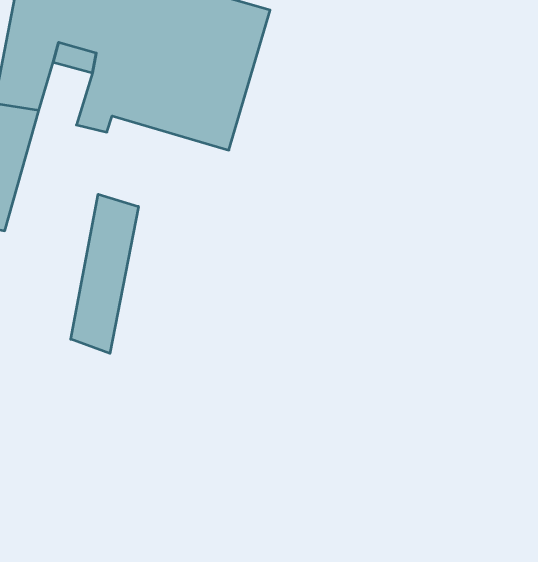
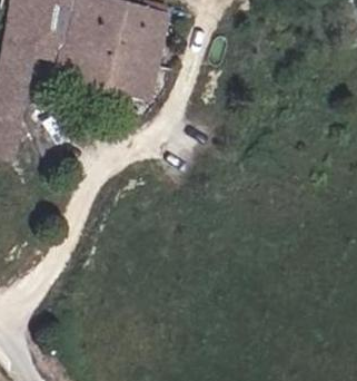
building: [71,194,138,353] -> none

